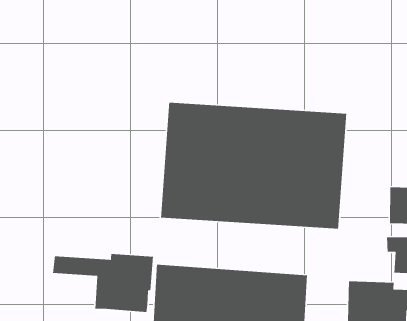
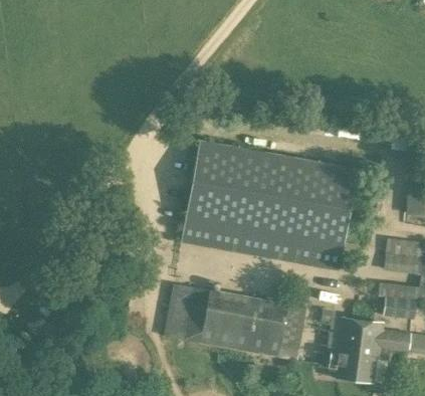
building: [52,253,154,313] -> none

